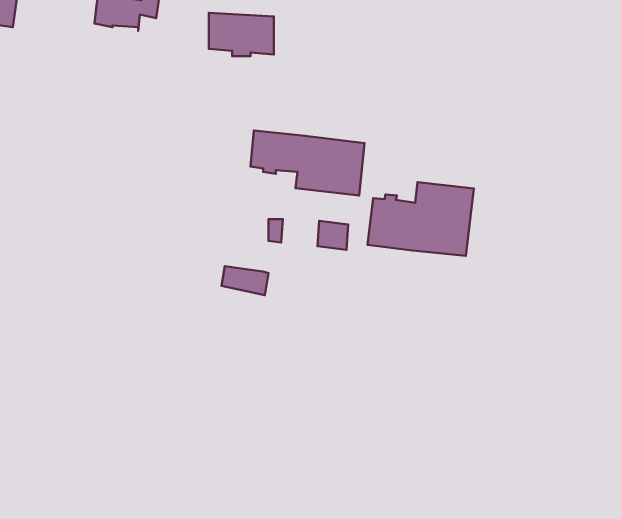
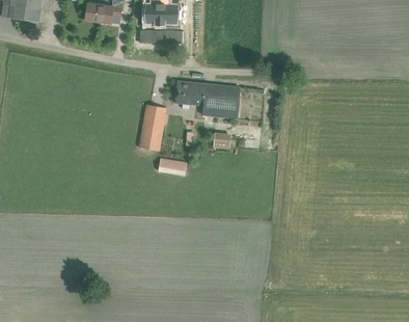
building: none -> [138,103,164,150]
building: [367,182,474,256] -> none

